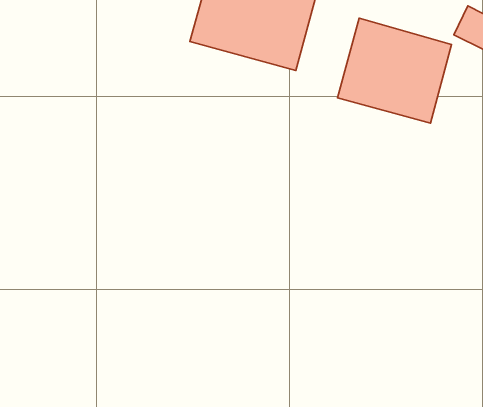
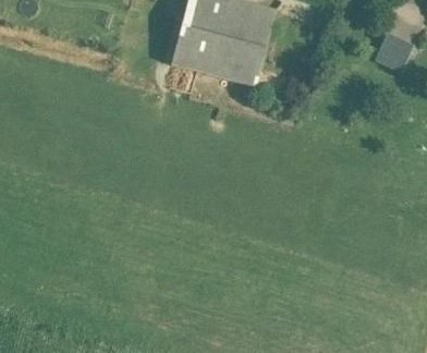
building: [337,18,452,123] -> none

